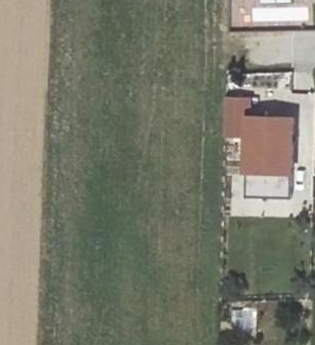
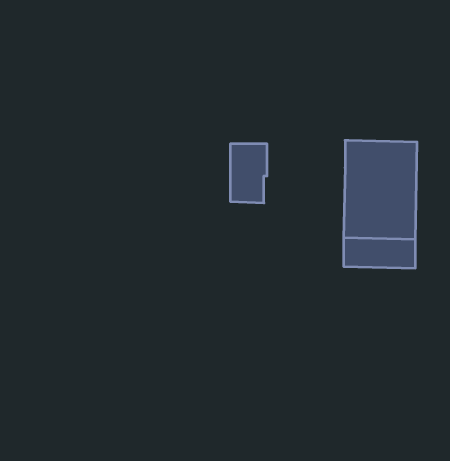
building: [223,97,246,135] -> [230,144,267,203]

